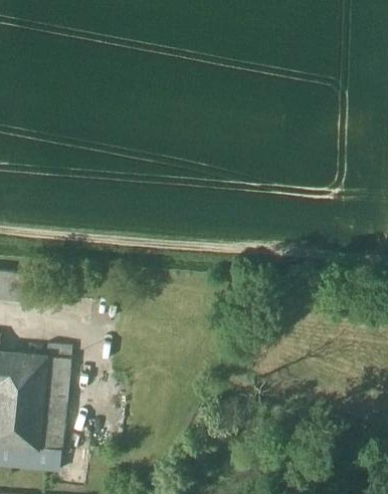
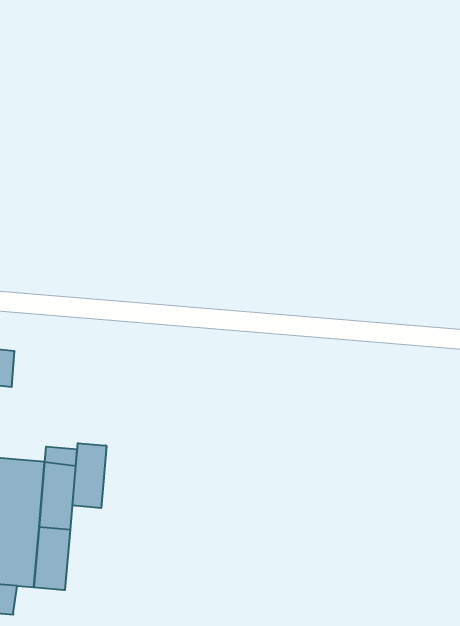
building: none -> [73,443,106,508]
building: [24,447,61,470] -> none

